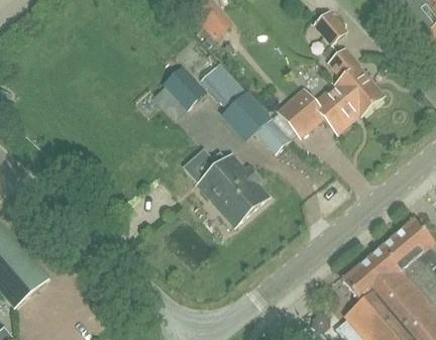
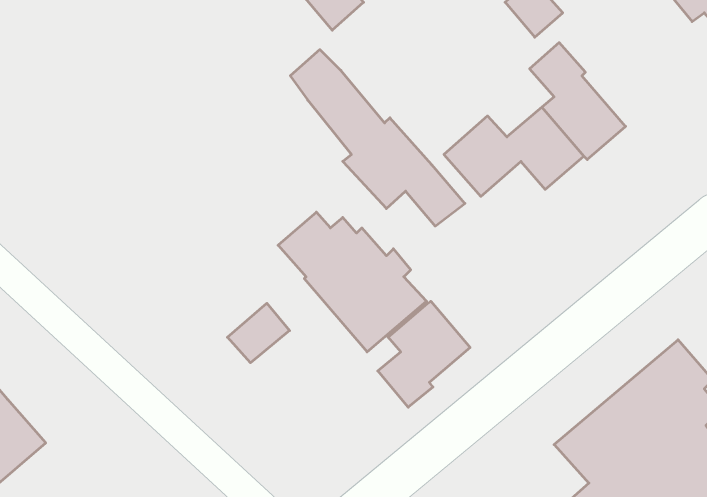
building: [154,65,207,117] -> none
building: none -> [378,301,470,407]
building: none -> [227,303,290,363]

